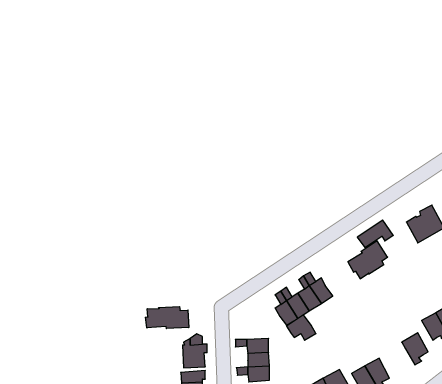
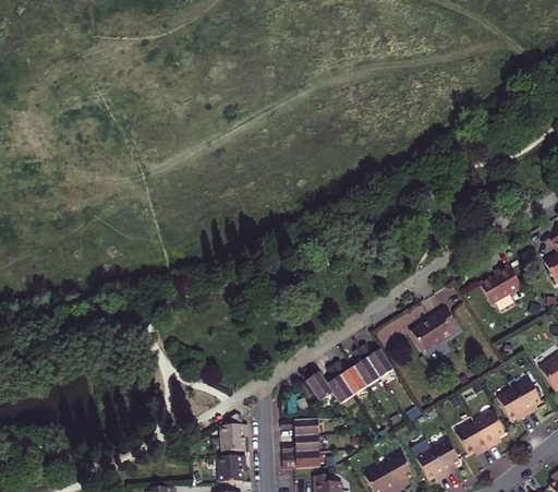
building: [145,307,189,329] -> none
building: [287,315,316,340] -> [299,371,332,400]
building: none -> [454,422,488,454]

